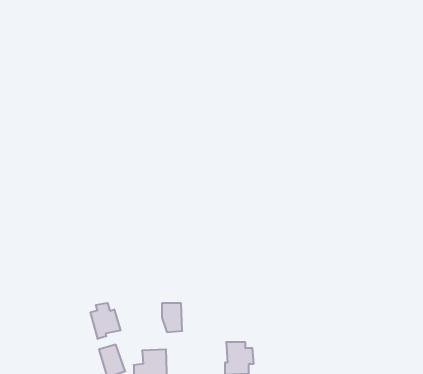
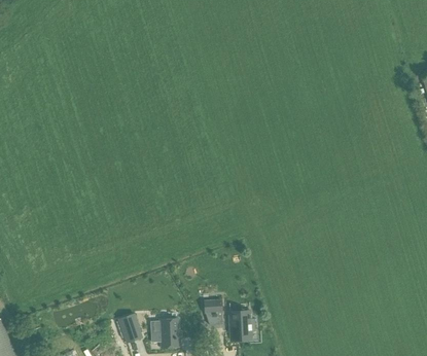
building: [91,303,121,339] -> none
building: [162,303,182,332] -> [204,301,221,326]

